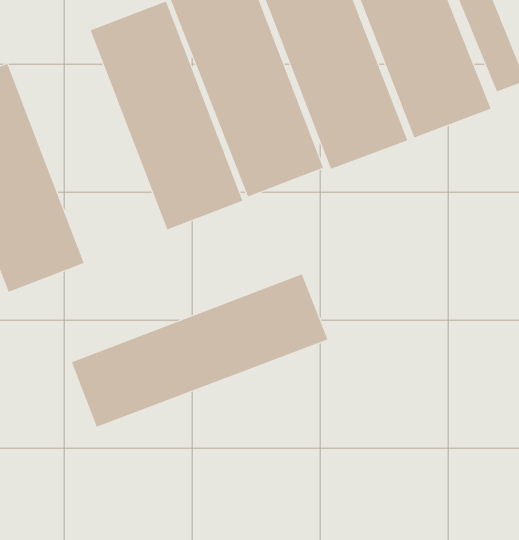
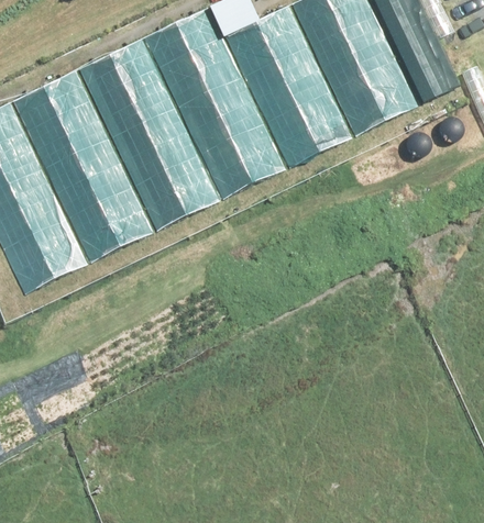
building: none -> [12,71,150,263]
building: [71,273,328,428] -> none

